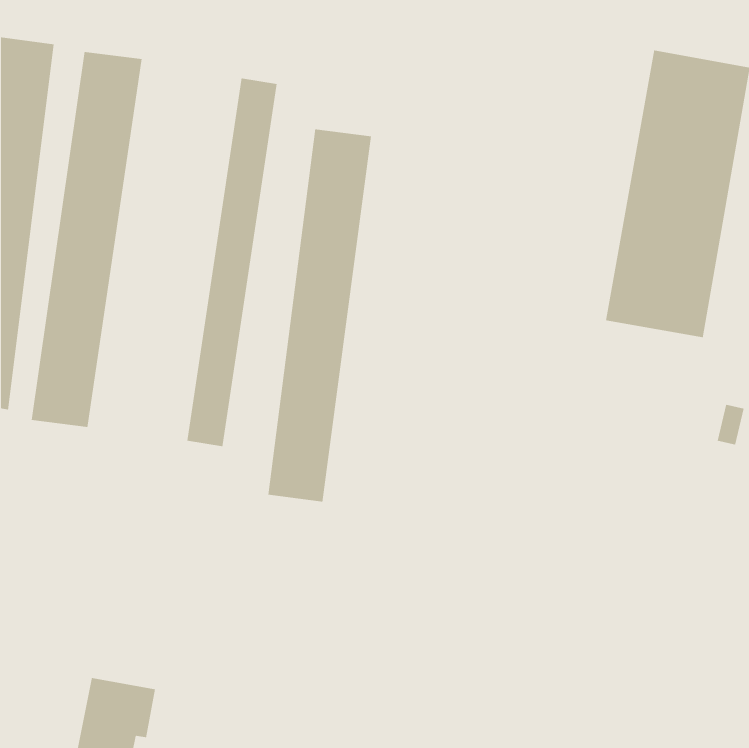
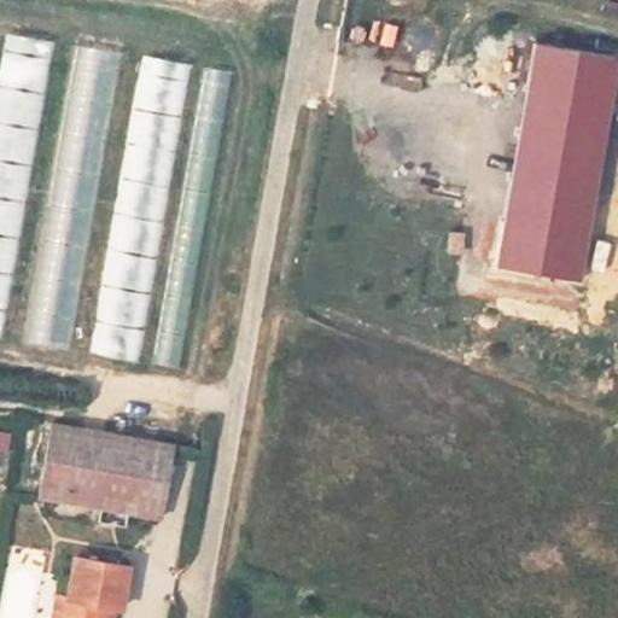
building: [267,129,372,502] -> [97,54,182,361]
building: none -> [43,427,173,521]

